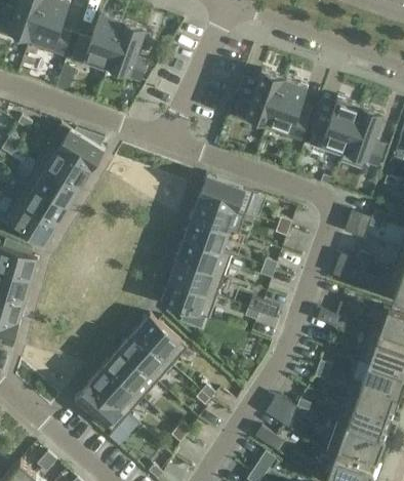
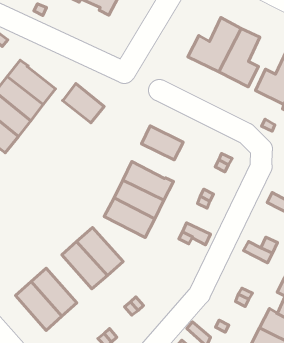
building: [57,128,104,169] -> [62,83,104,123]
building: [199,174,254,214] -> none
building: [184,217,230,252] -> none
building: [105,349,157,399] -> none

